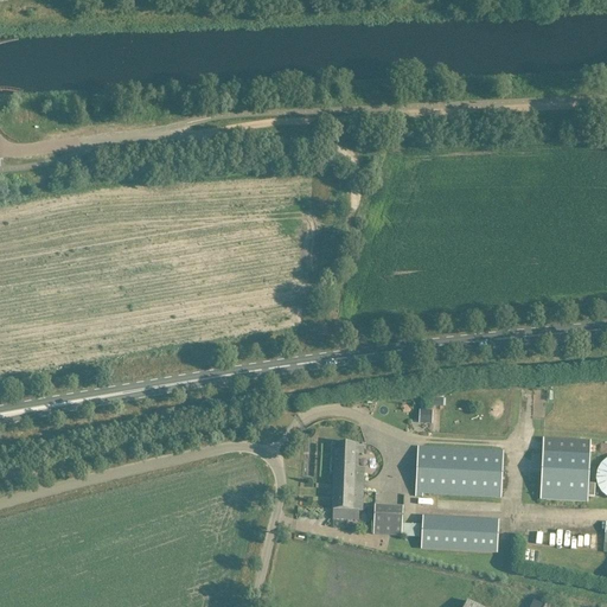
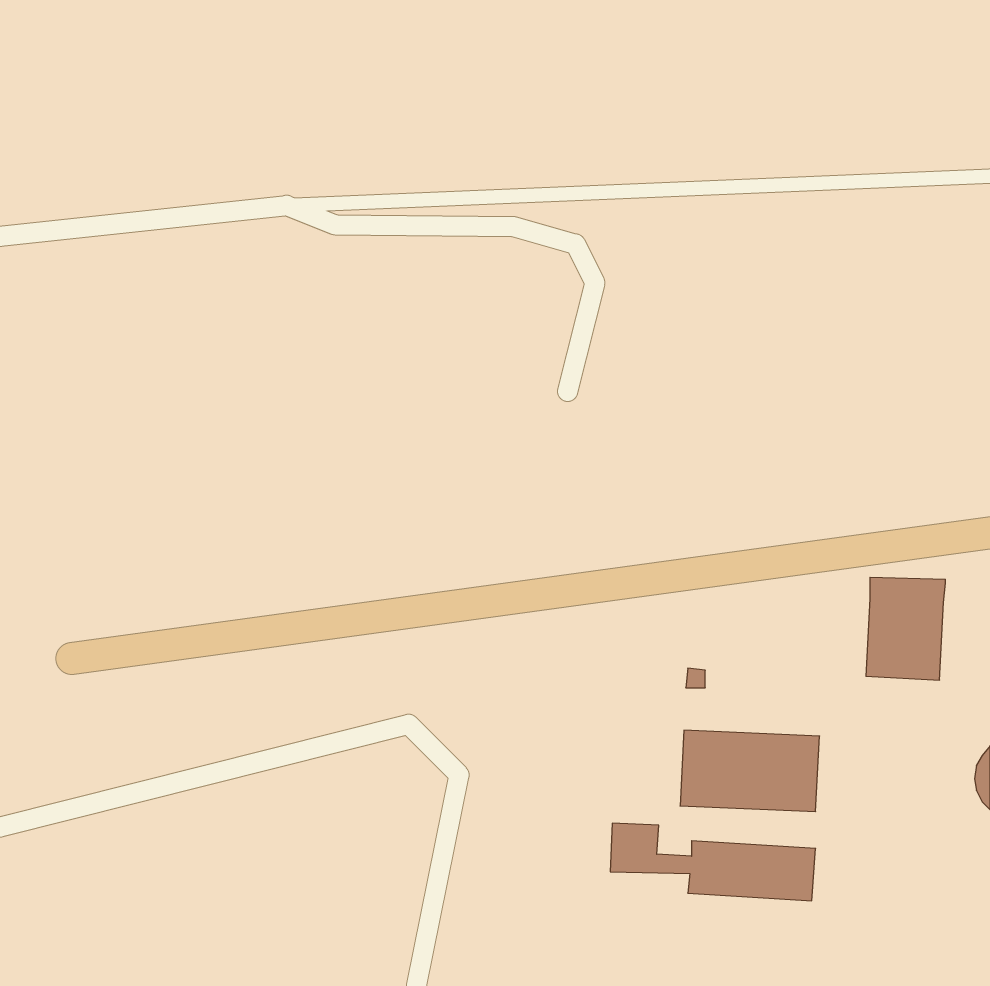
building: [542,437,590,500] -> [866,577,945,680]
building: [332,441,364,518] -> none

